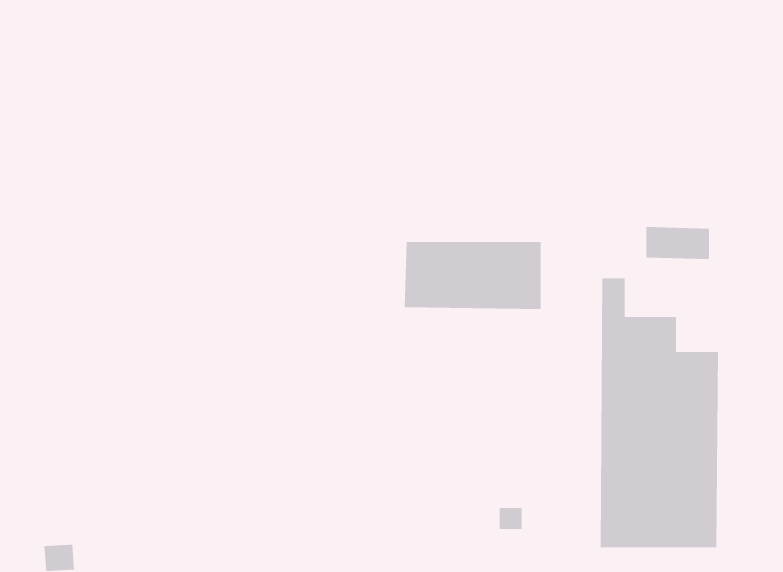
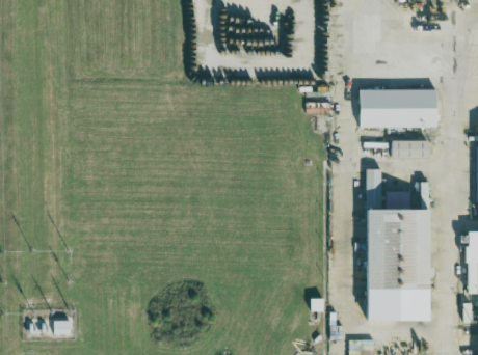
building: [404,242,542,309] -> [363,88,441,127]

